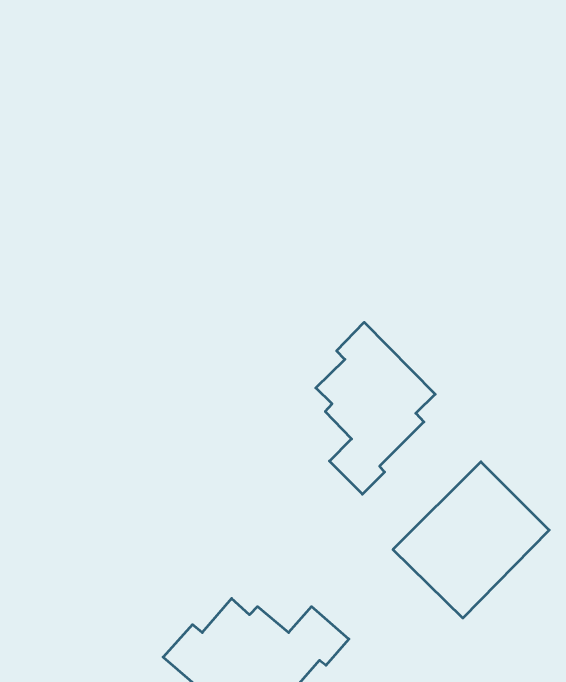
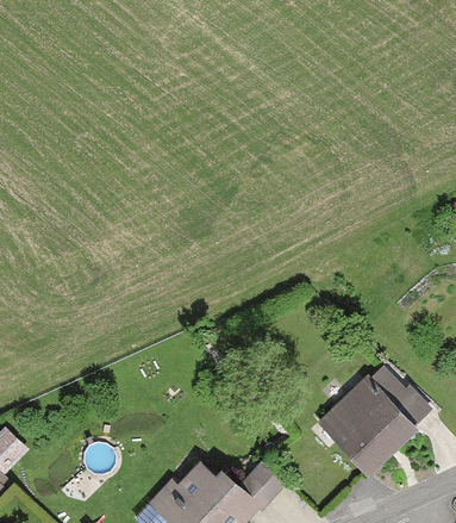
building: [316,322,435,494] -> none

